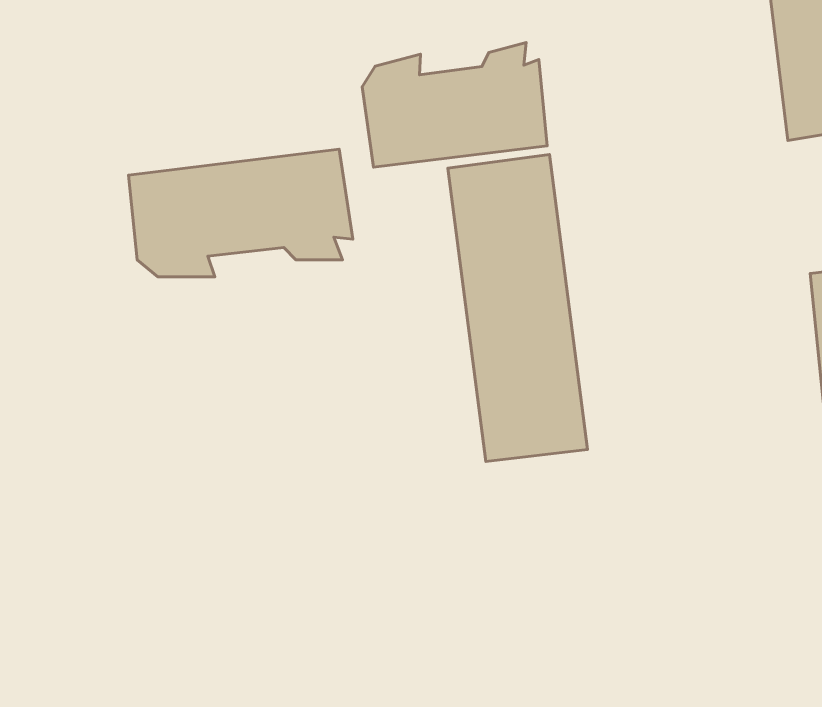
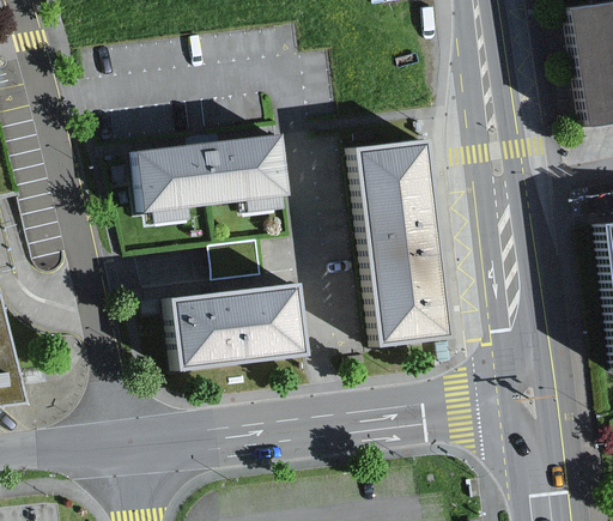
building: [362,43,547,167] -> none
building: none -> [164,284,302,372]

